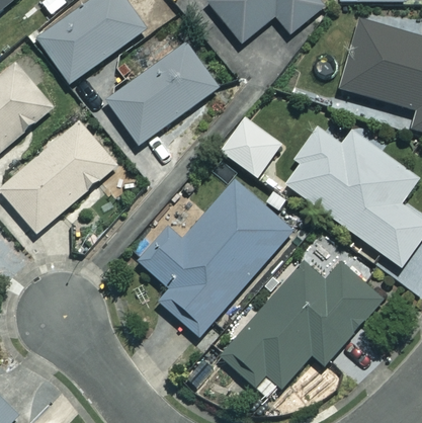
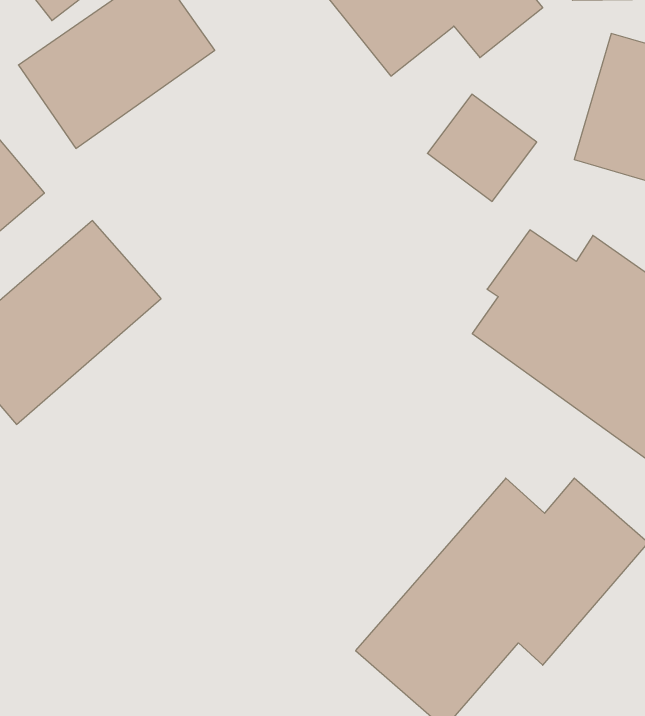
building: [106,41,219,144] -> none
building: [221,117,280,176] -> [427,94,537,201]
building: [139,181,290,336] -> none

